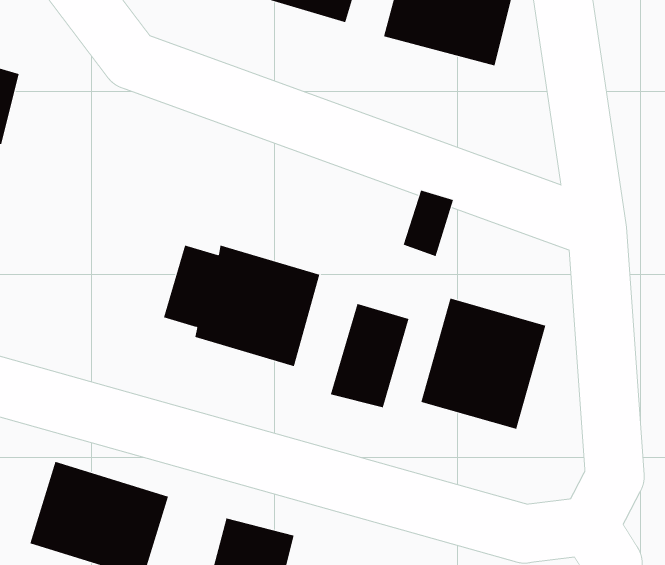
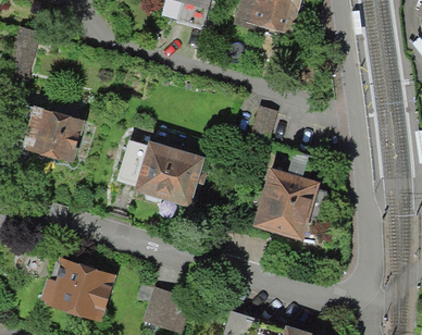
building: none -> [30,109,86,164]
building: [330,303,409,408] -> none

